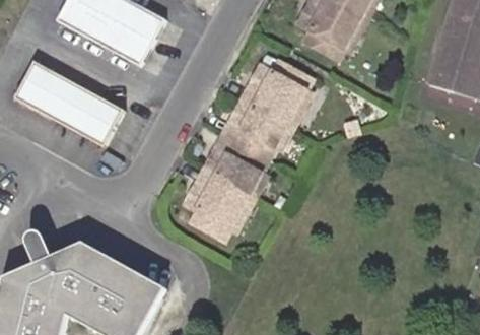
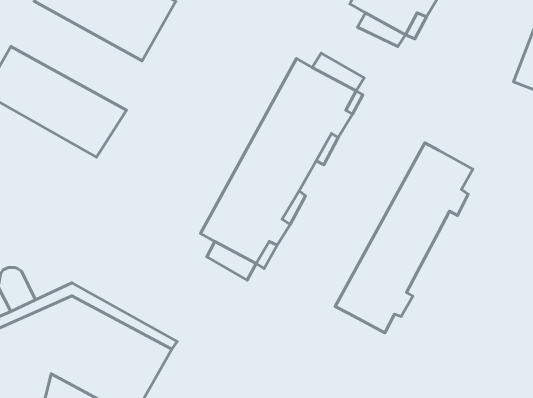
building: none -> [335,143,473,333]

